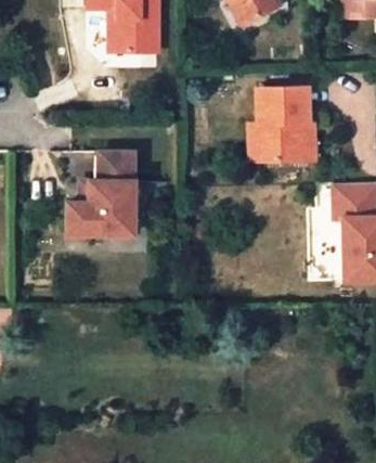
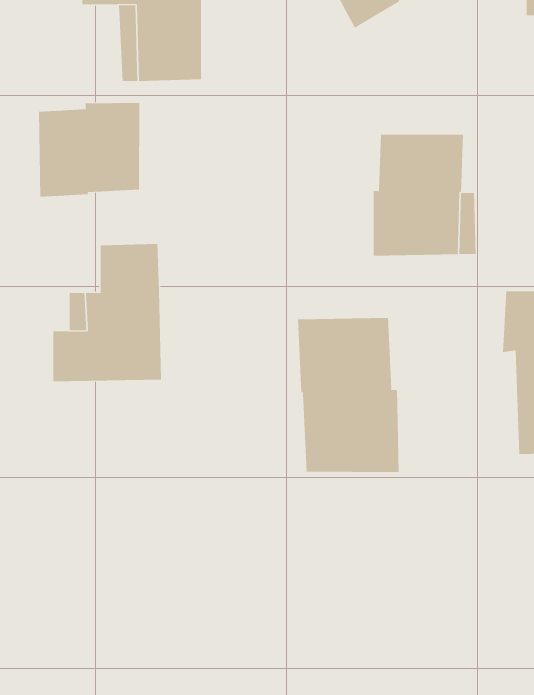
building: none -> [38,102,140,197]
building: none -> [297,317,399,473]

